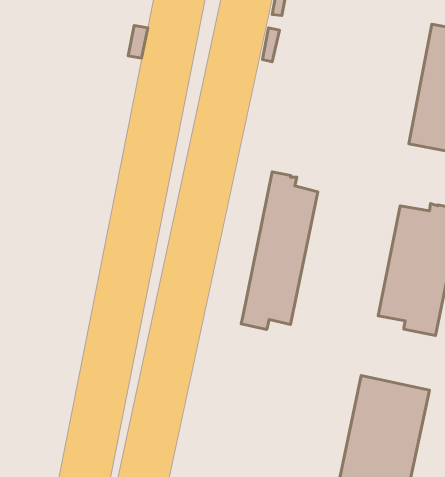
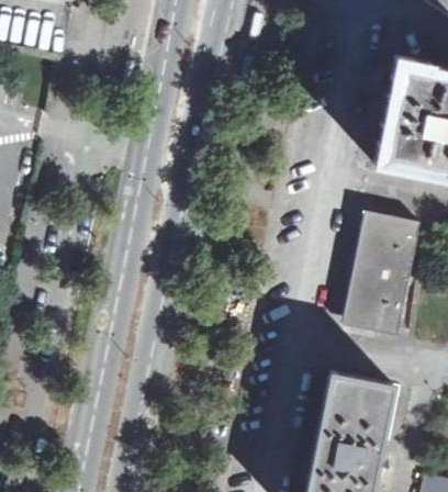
building: [241,172,318,330] -> none

